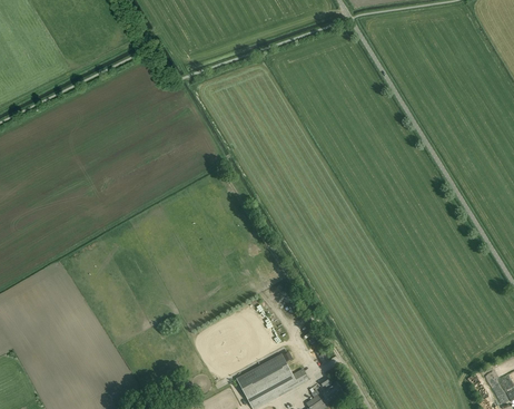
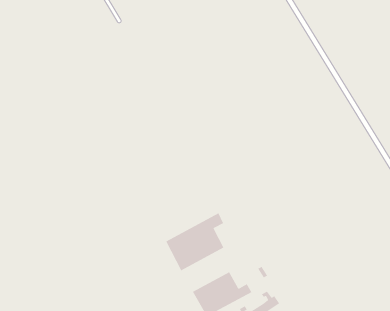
building: none -> [165,212,225,272]

